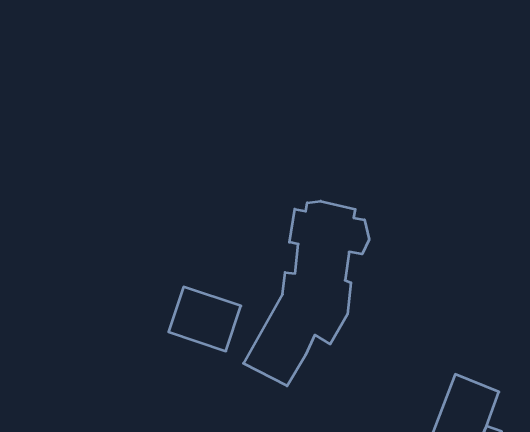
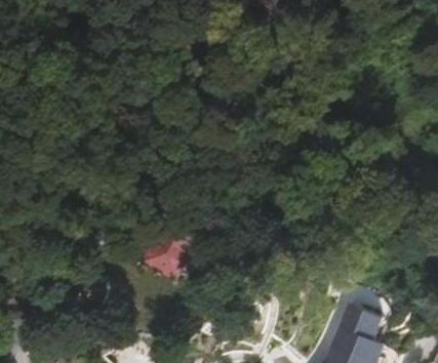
building: [243,201,369,386] -> none

